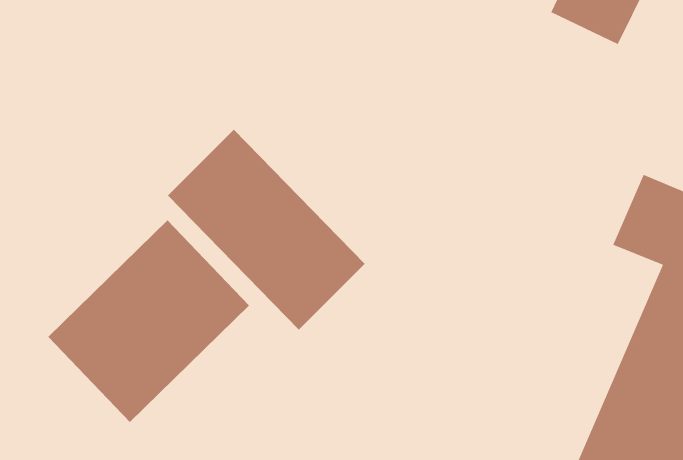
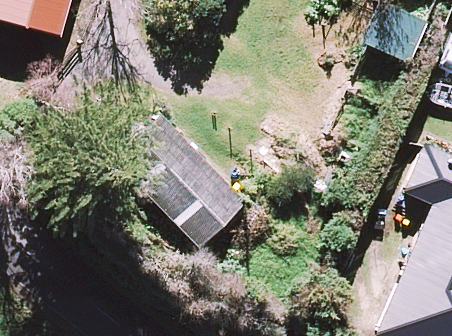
building: [47,220,250,423] -> none

